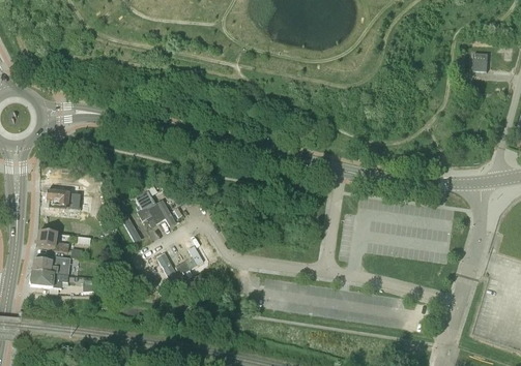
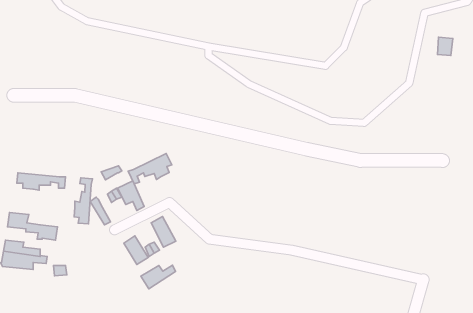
building: none -> [128,153,172,184]
building: none -> [74,178,92,224]
building: none -> [141,265,175,289]

